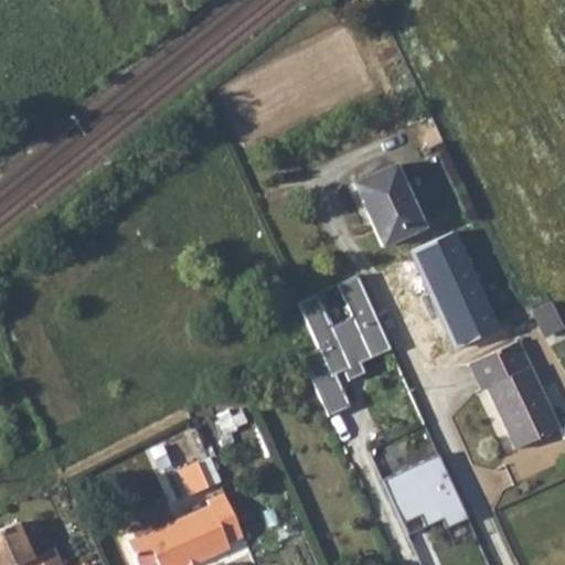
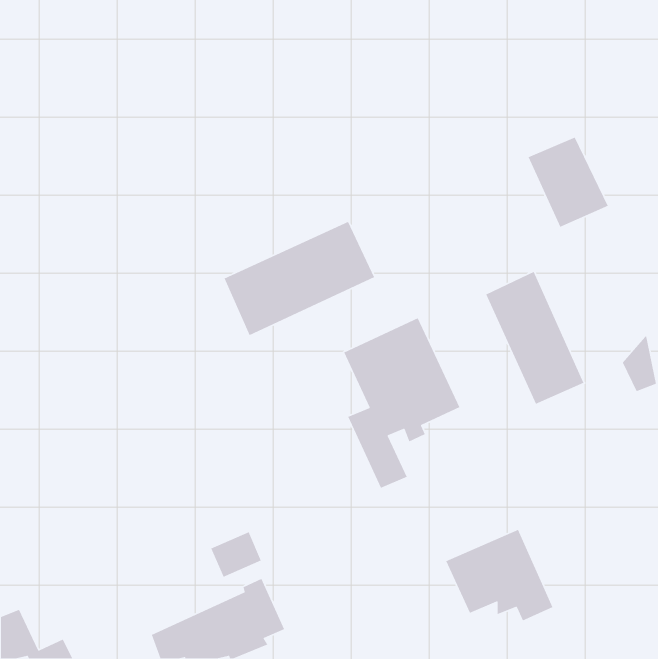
building: [354,166,424,244] -> [527,136,609,228]
building: none -> [224,221,375,336]
building: [471,343,558,449] -> none

